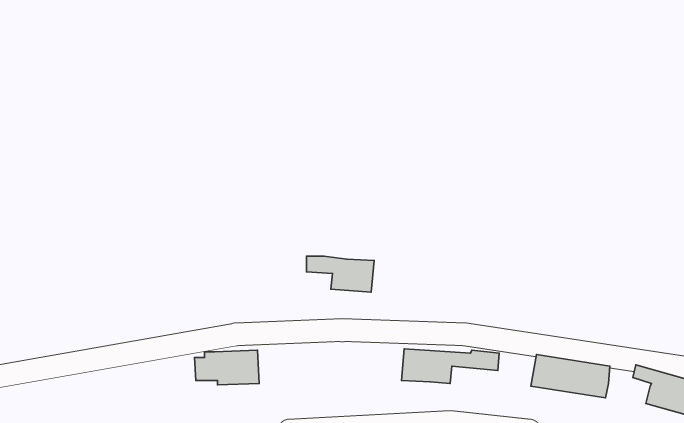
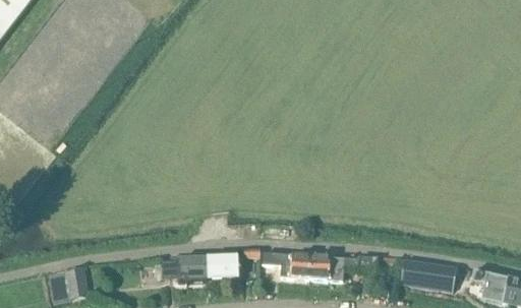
building: [306,256,374,292] -> [262,251,309,276]
building: none -> [206,254,238,279]
building: none -> [47,265,88,301]

